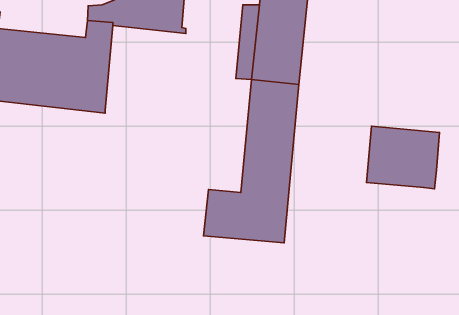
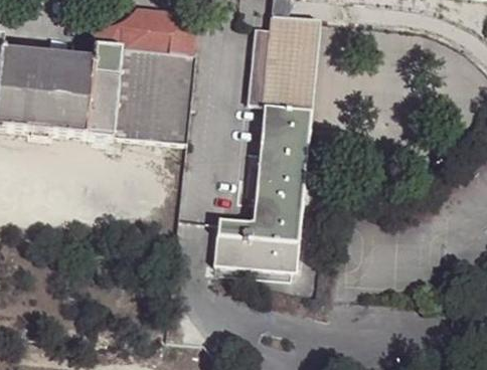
building: none -> [114,47,196,142]
building: [367,126,440,189] -> none

